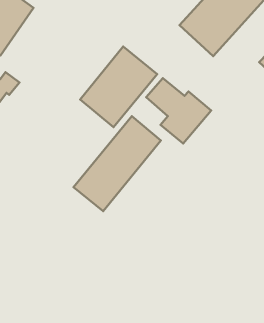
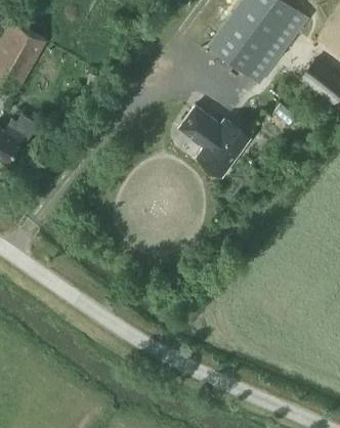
building: [80,47,157,127] -> none
building: [74,116,161,211] -> none

